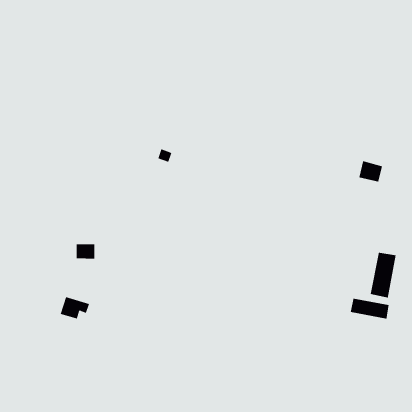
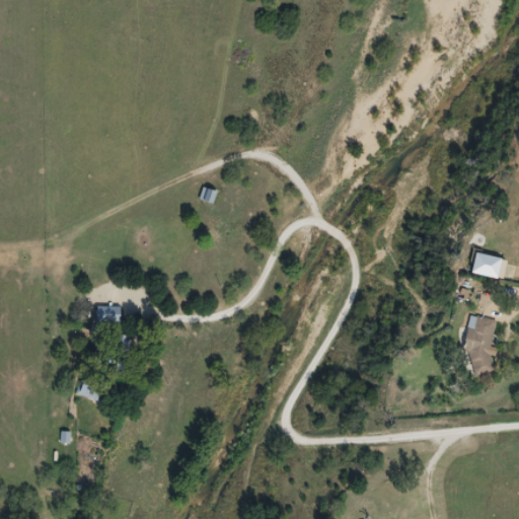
building: [359,160,383,182] -> [472,251,503,279]
building: [350,298,389,320] -> none

